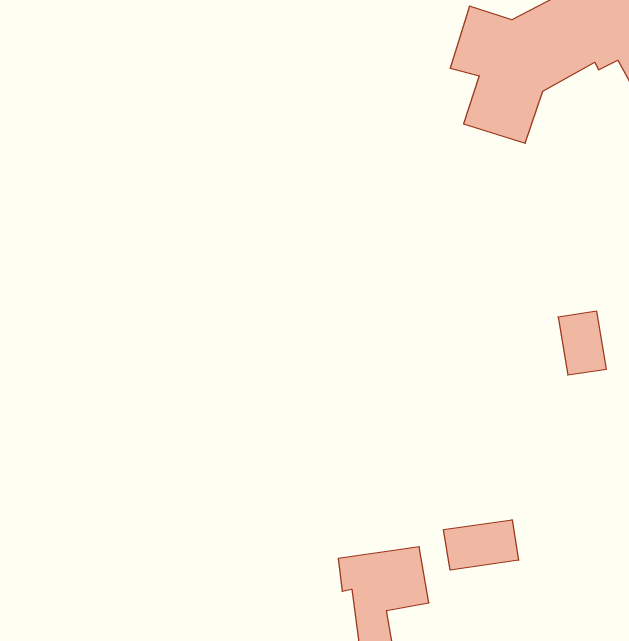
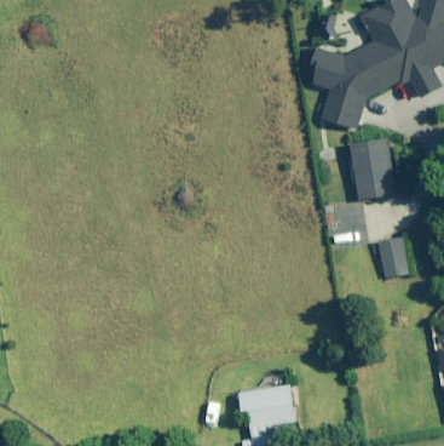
building: none -> [350,139,394,200]
building: [444,520,519,570] -> none

